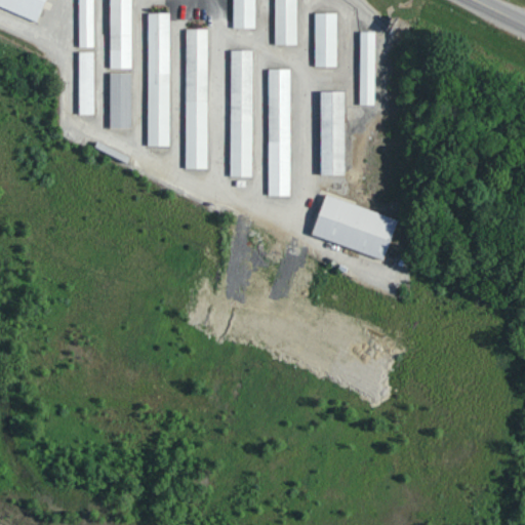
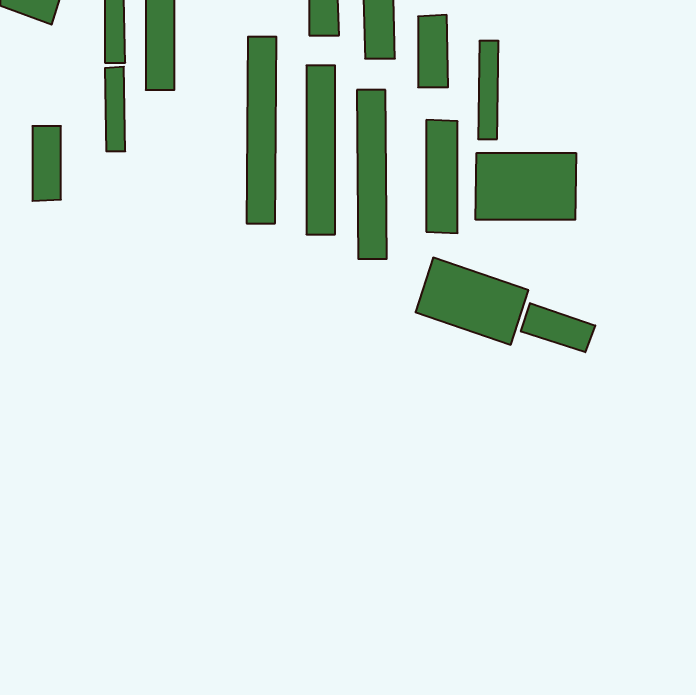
building: [148,12,170,146] -> none
building: [110,72,131,128] -> [32,126,61,201]
building: none -> [476,153,576,220]
building: none -> [521,303,595,352]

